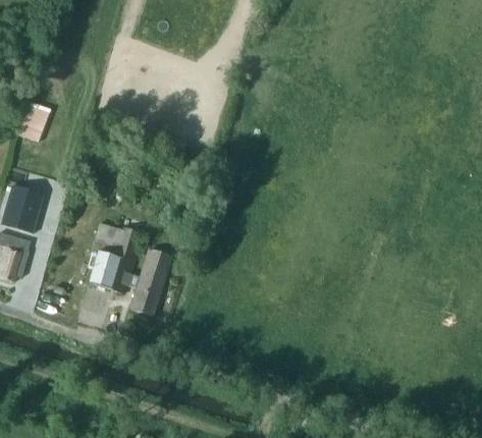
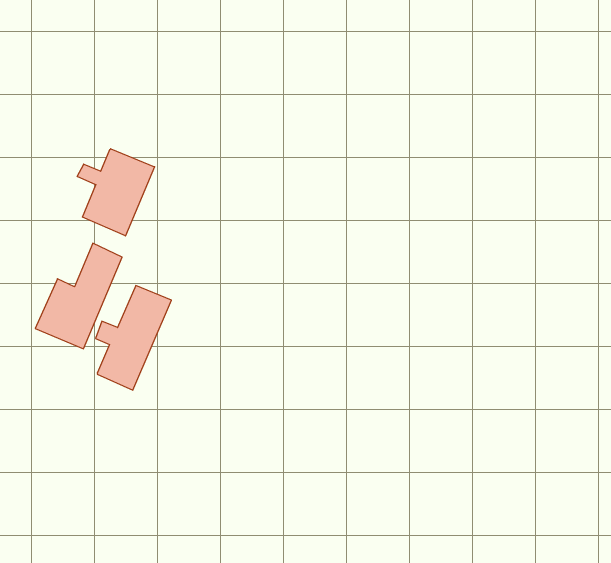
building: none -> [77,149,155,236]

